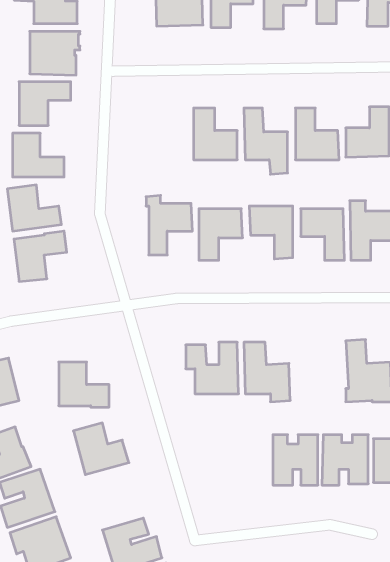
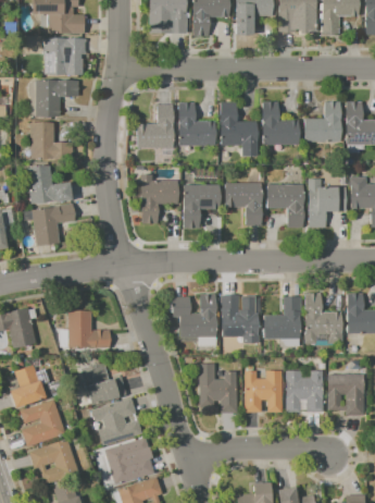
building: none -> [137,105,173,149]
building: none -> [264,297,299,340]
building: none -> [199,364,237,413]
building: none -> [91,398,141,445]

